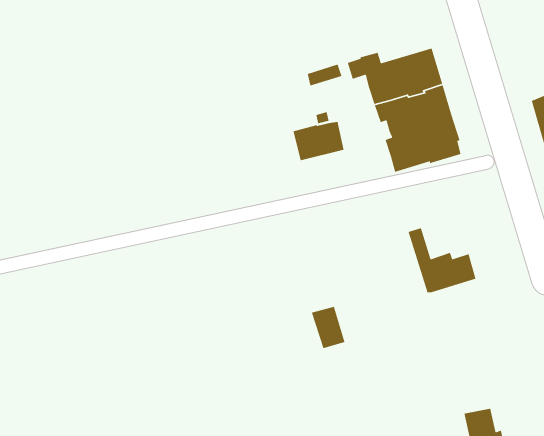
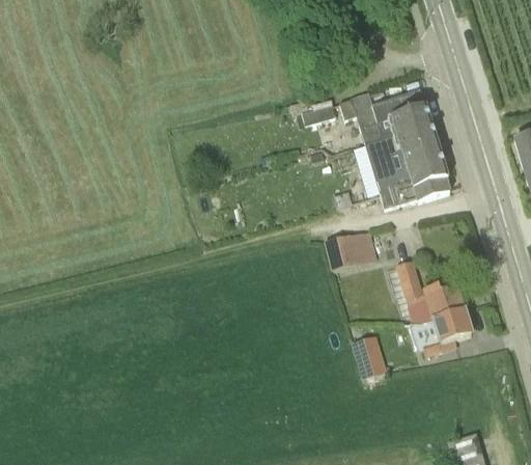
building: [293,121,345,161] -> [326,231,375,270]
building: none -> [420,310,472,355]
building: [311,306,345,349] -> [352,335,385,377]

